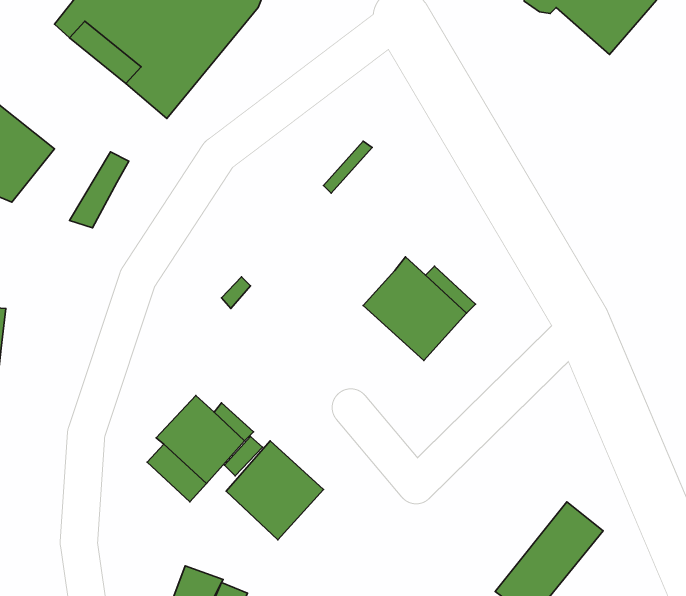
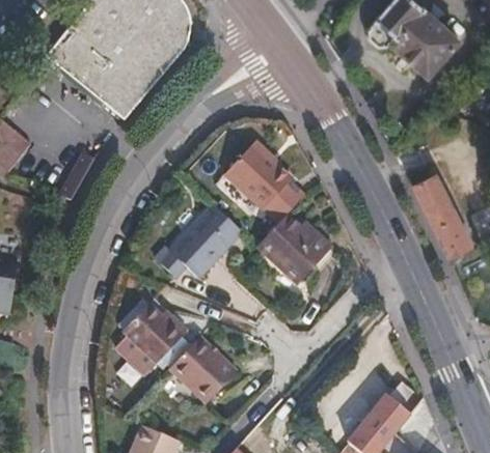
building: none -> [233,145,306,222]
building: none -> [411,172,473,255]
building: none -> [159,204,243,279]

